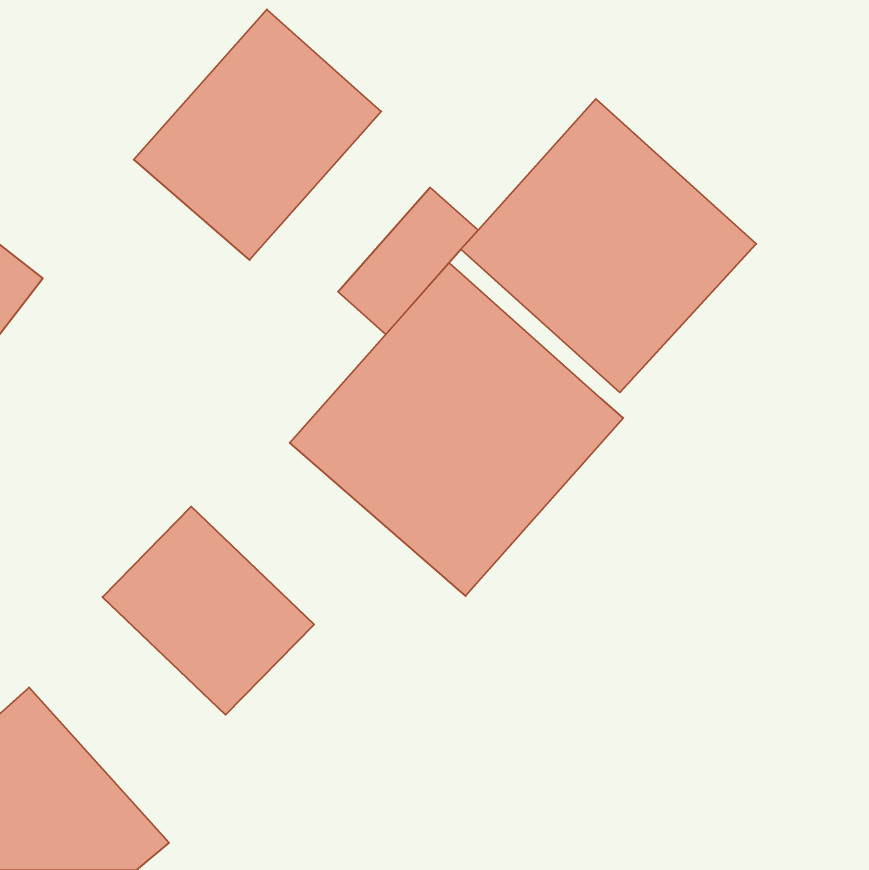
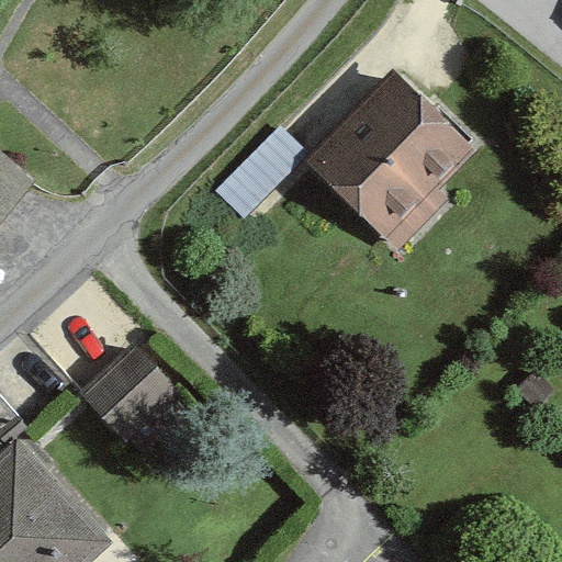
building: [134,9,381,260] -> none
building: [290,263,623,596] -> none

